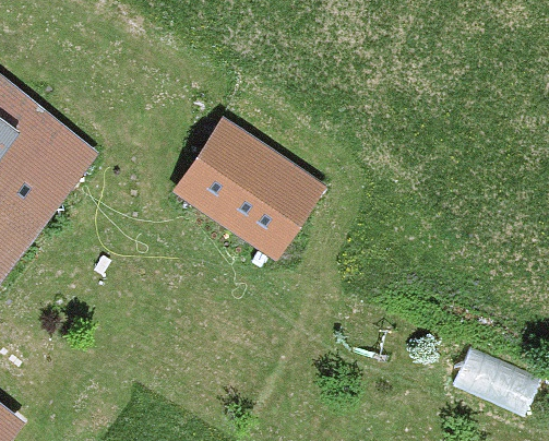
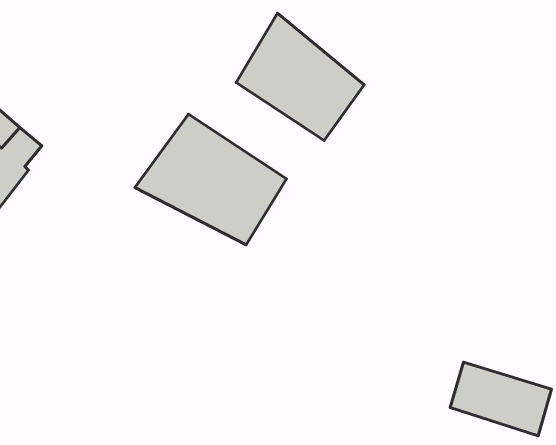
building: none -> [236,13,364,141]

